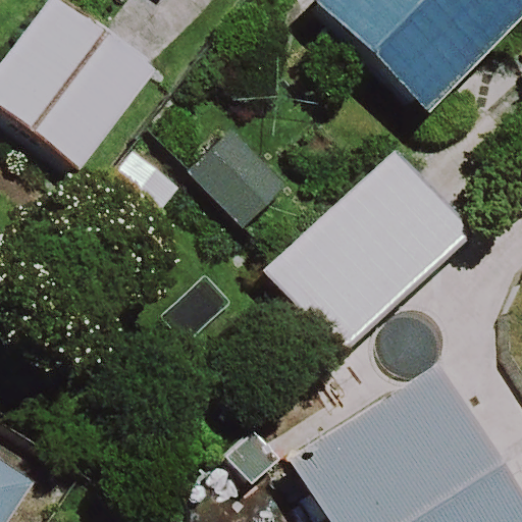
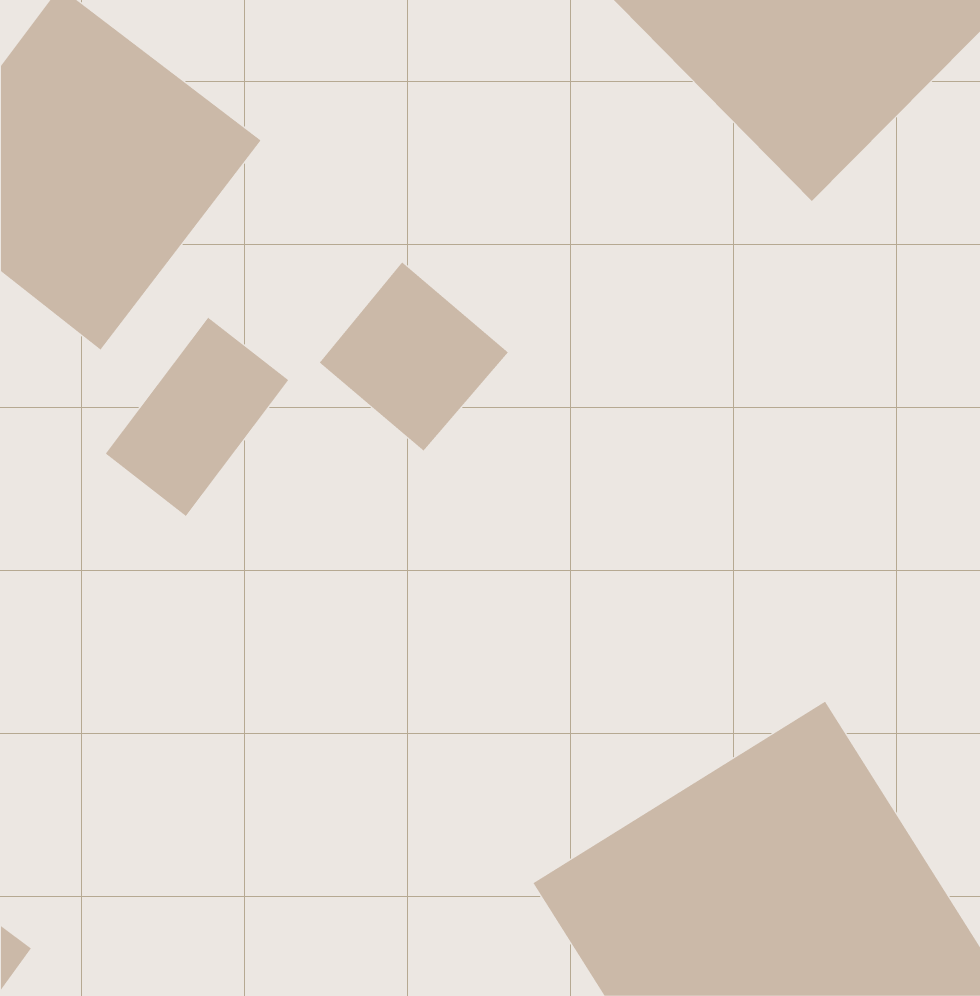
building: [250,156,459,361] -> none

